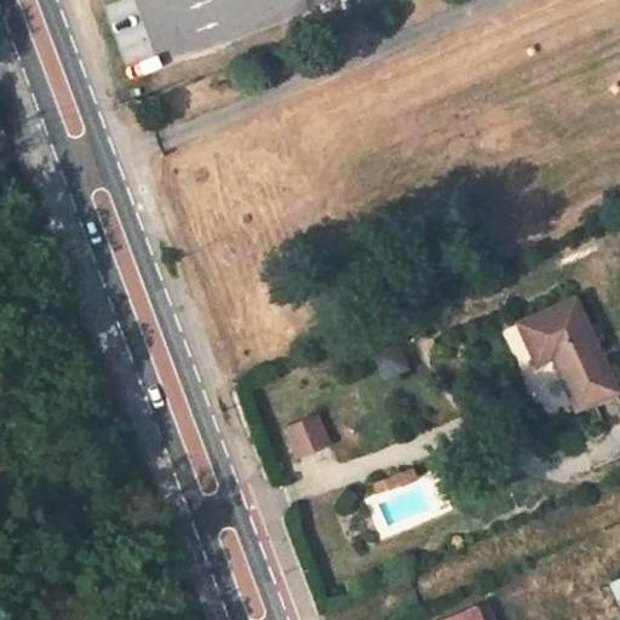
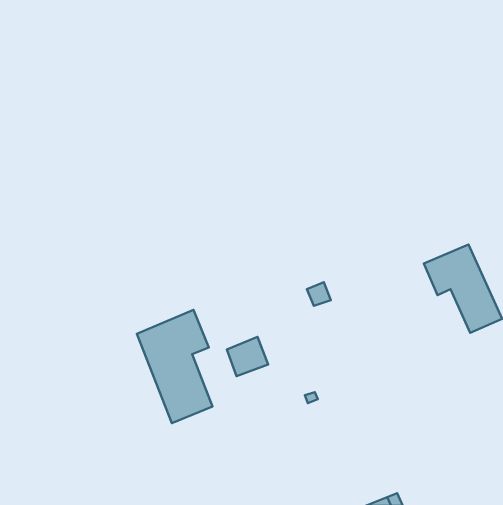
building: none -> [137,310,213,423]

